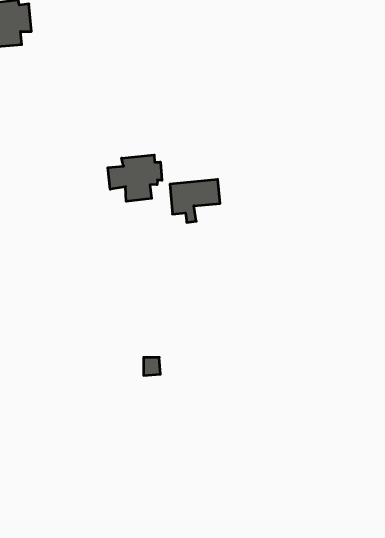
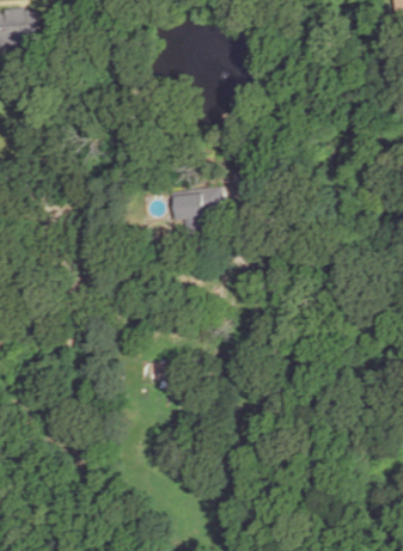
building: [108,155,162,201] -> none

